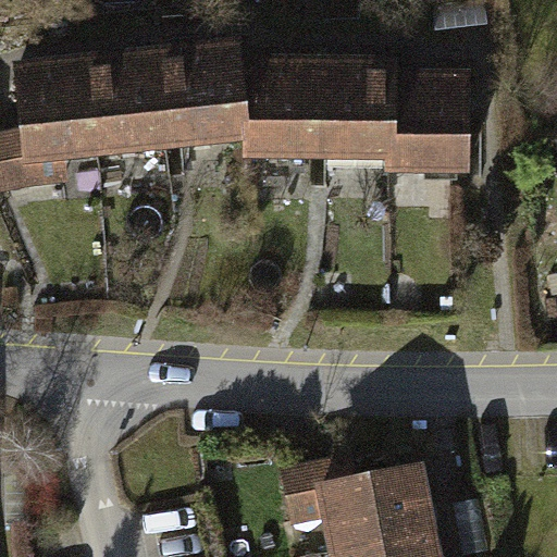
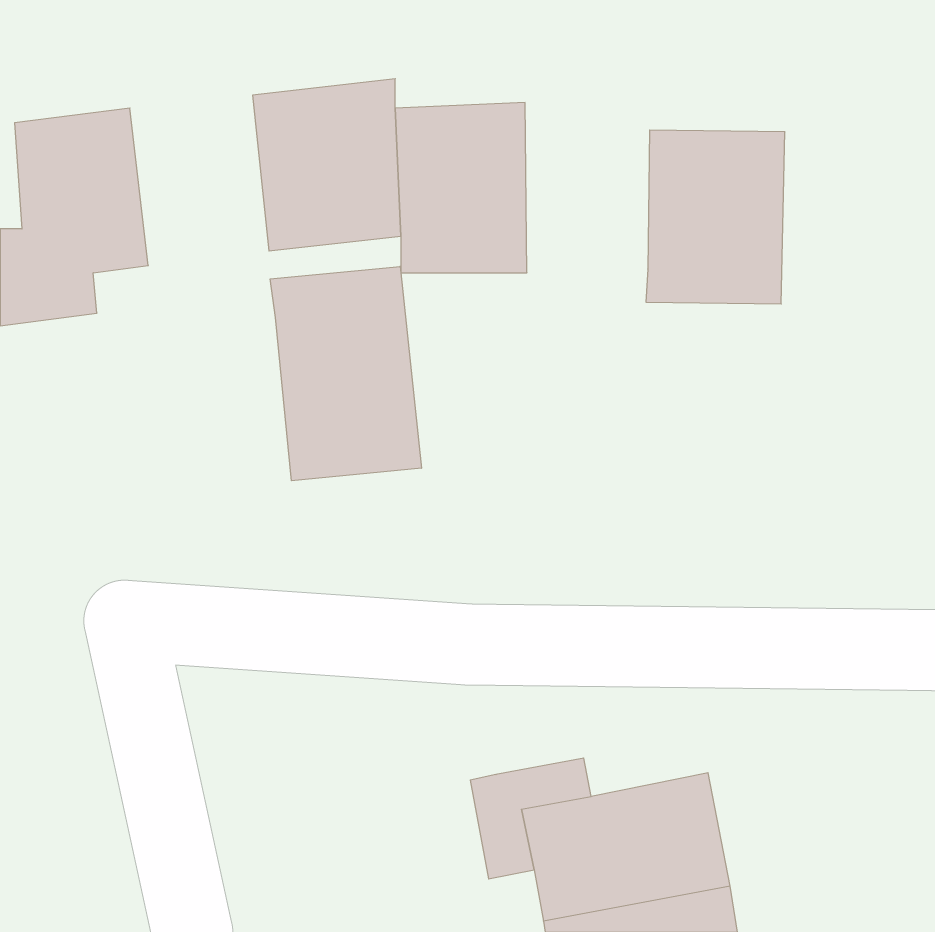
building: [77,57,160,158] -> none
building: [312,61,387,162] -> none
building: none -> [270,266,421,481]

